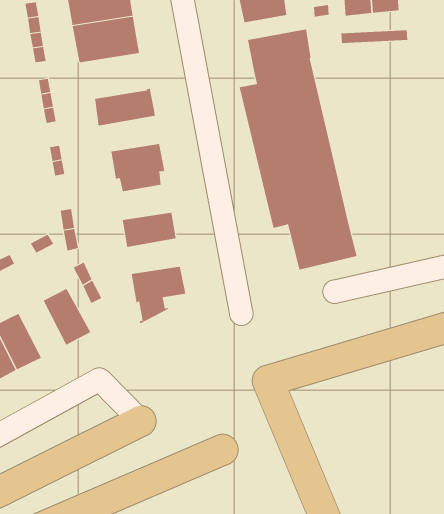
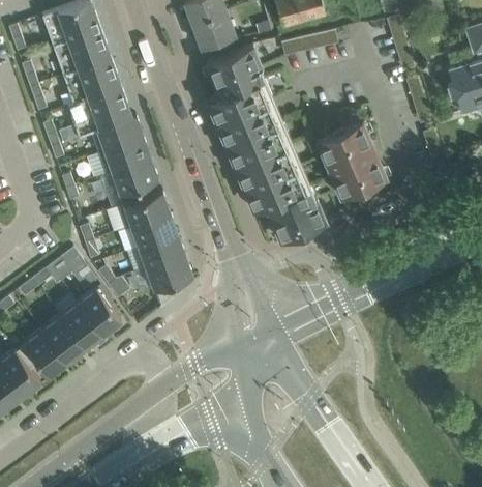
building: none -> [66,88,131,138]
building: none -> [97,137,150,175]
building: none -> [315,121,386,198]
building: none -> [117,191,170,229]
building: none -> [138,233,184,268]
building: none -> [60,303,102,349]

